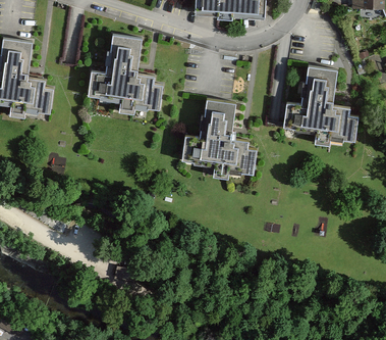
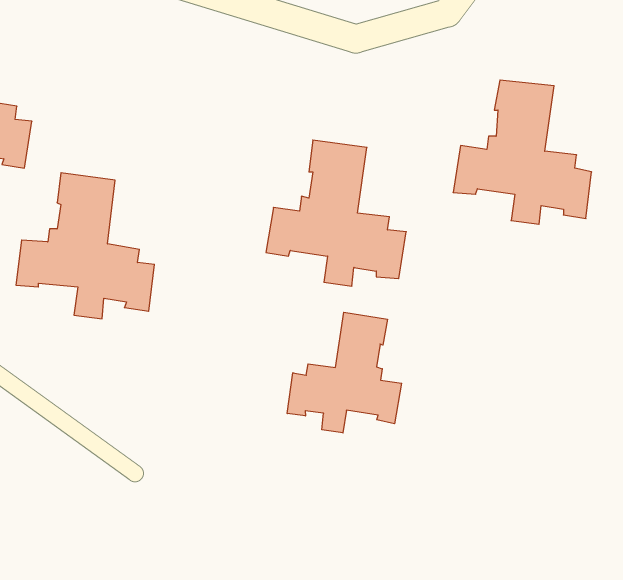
building: [87,34,162,113] -> [16,173,154,319]
building: none -> [287,312,402,433]

